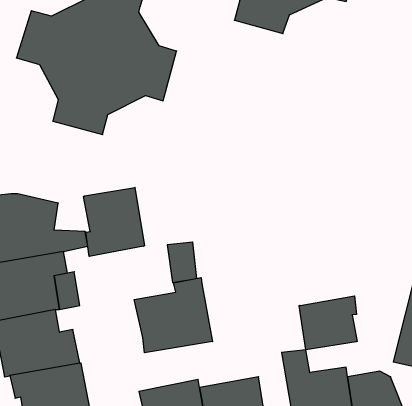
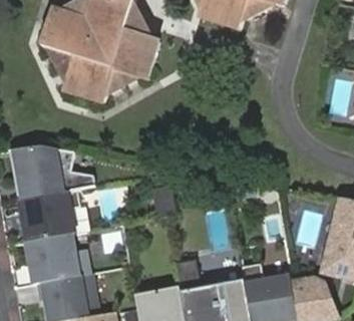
building: [84,187,145,256] -> none
building: [134,278,213,353] -> none
building: [299,296,357,350] -> none

